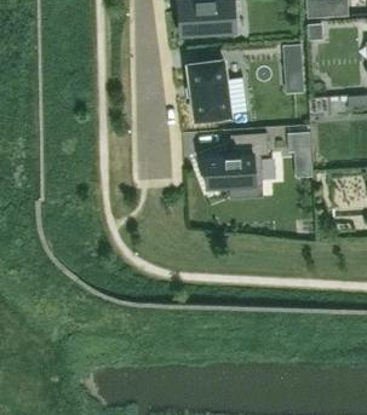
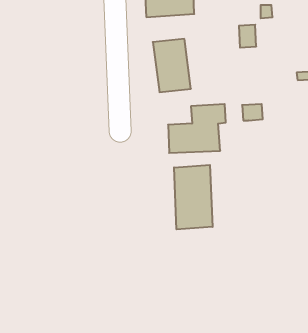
building: none -> [174,165,213,229]

